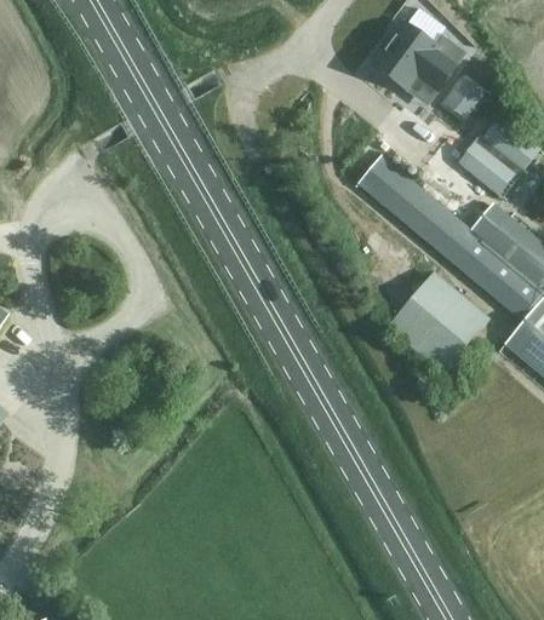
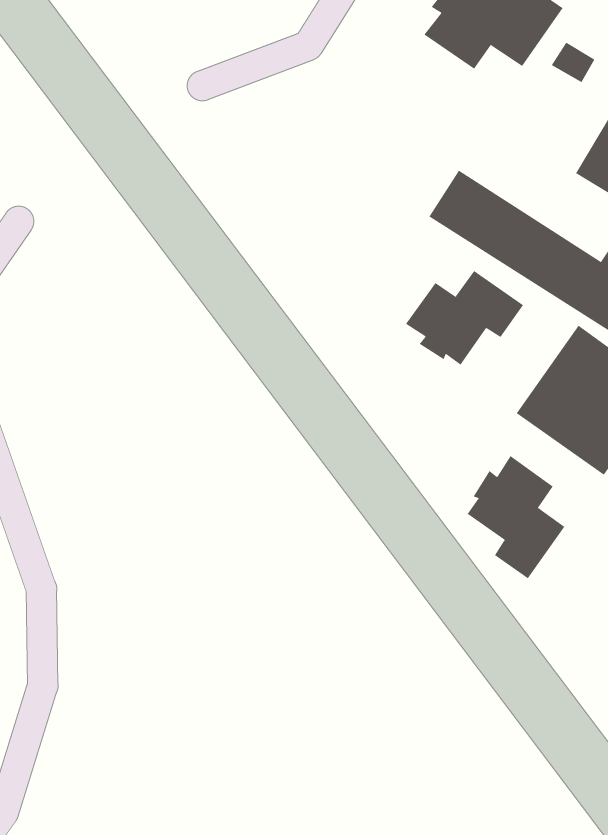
building: none -> [405,270,524,365]
building: none -> [467,455,565,579]

